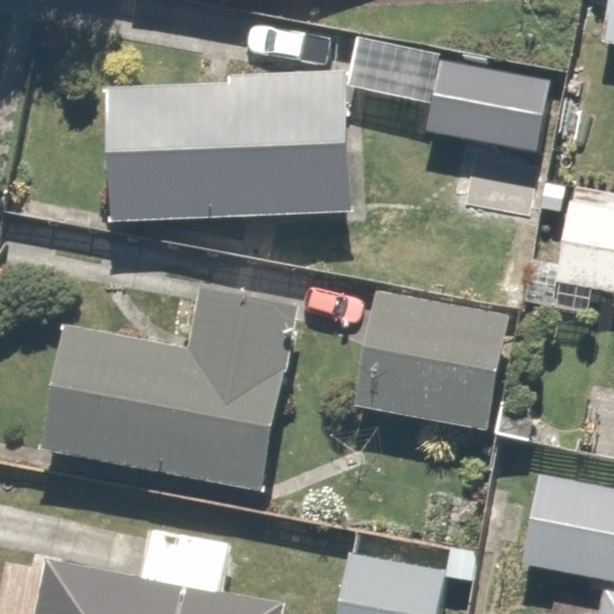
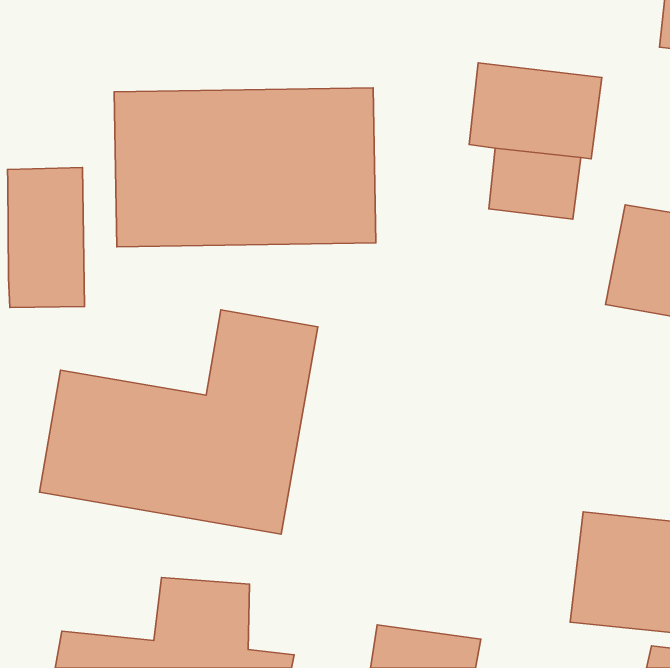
building: none -> [7,167,85,307]
building: [361,297,507,422] -> none

